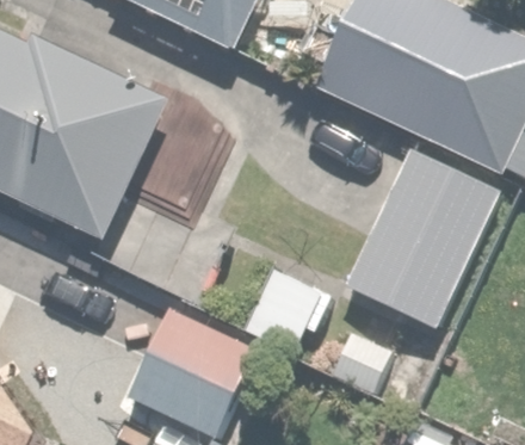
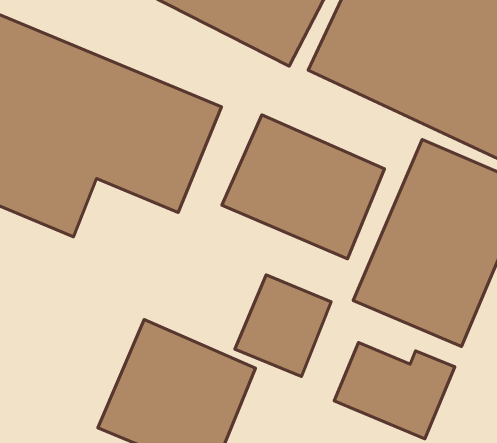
building: none -> [222,115,384,259]

